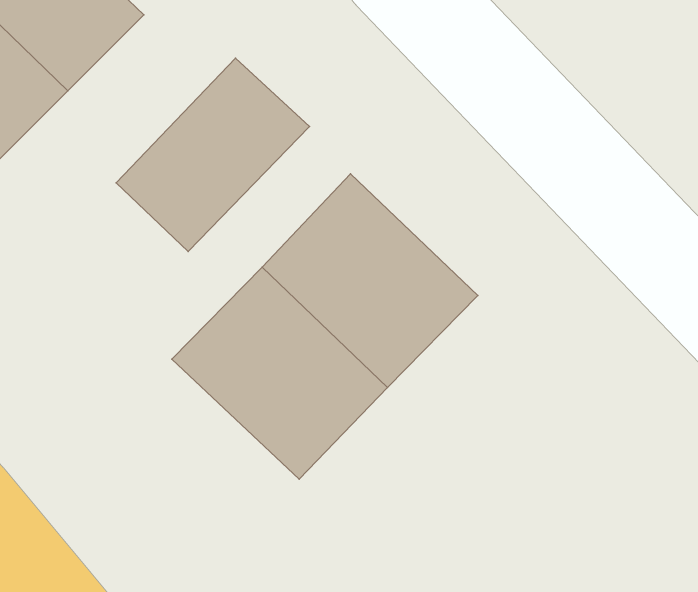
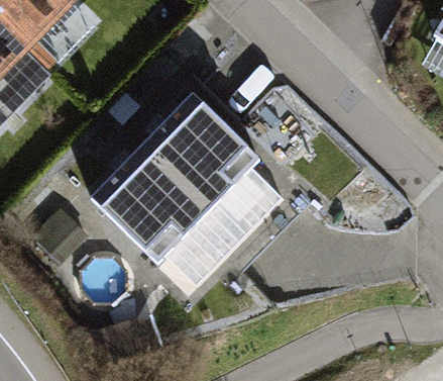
building: [116,58,309,252] -> none

